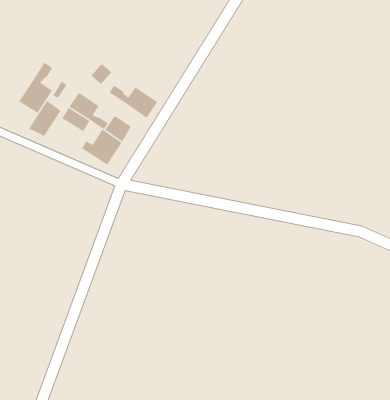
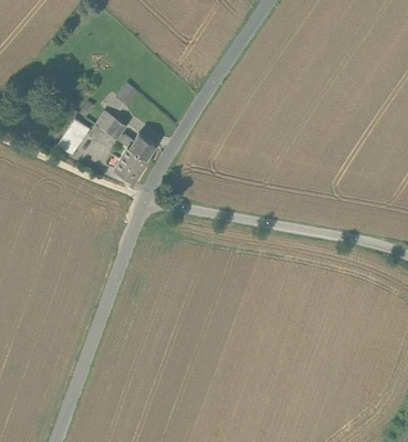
building: [18,62,53,114] -> none
building: [109,85,158,119] -> none

